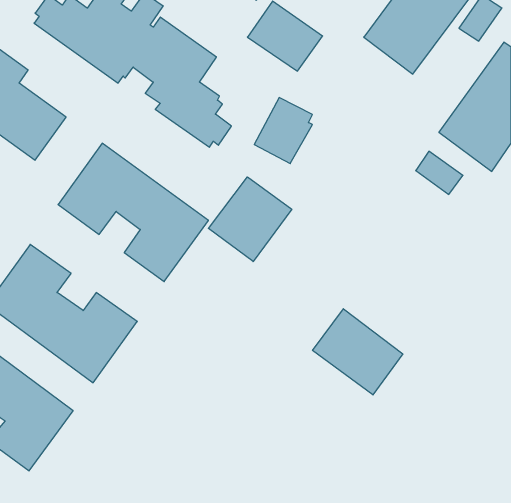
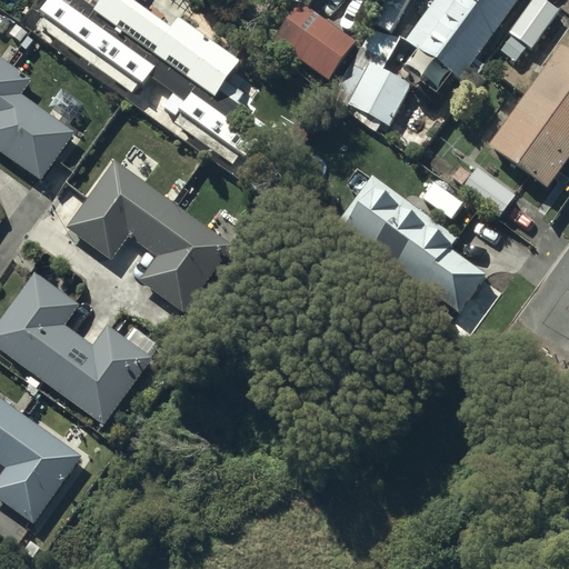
building: [254,98,312,164] -> [341,62,406,136]
building: none -> [337,174,496,321]
building: [208,177,292,262] -> none
building: [313,309,403,395] -> none

